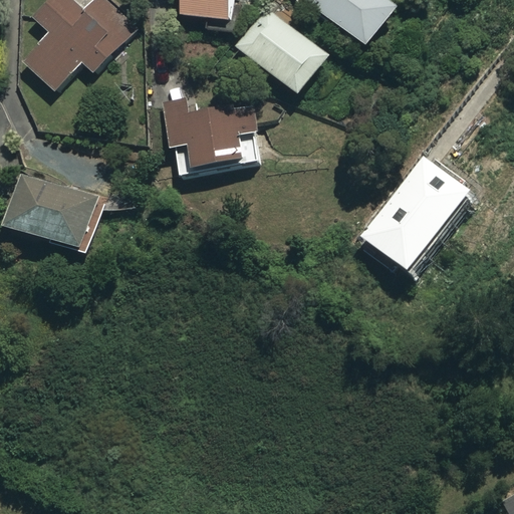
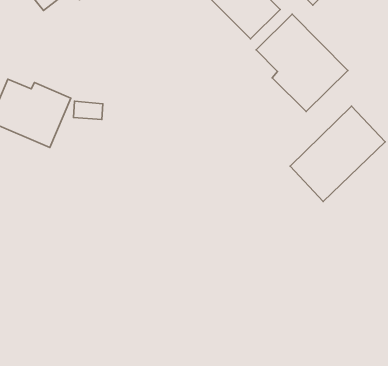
building: none -> [256,14,348,112]
building: [163,93,264,177] -> none

